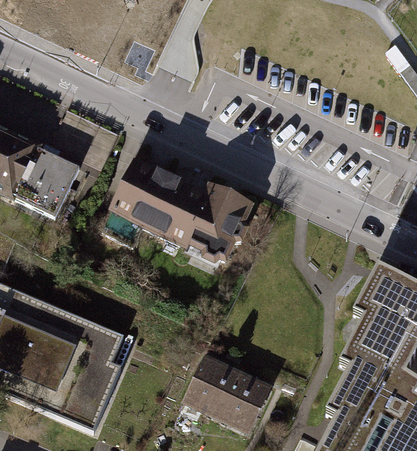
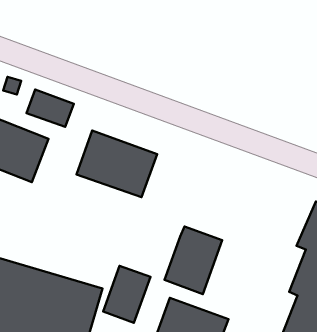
building: [183,184,252,262] -> [164,227,222,294]
building: none -> [103,266,151,323]

